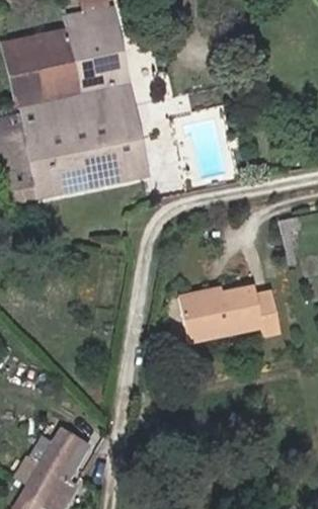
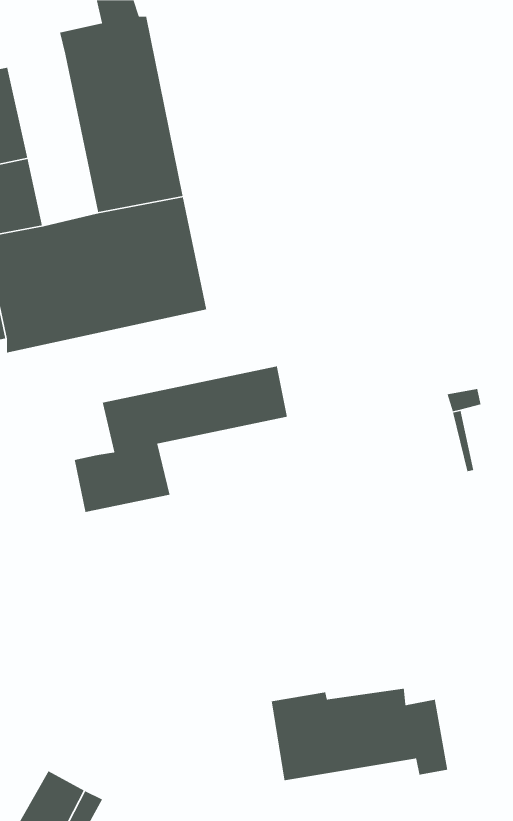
building: [36,31,86,126] -> none
building: none -> [74,365,288,513]
building: [182,284,281,336] -> [271,688,448,781]

